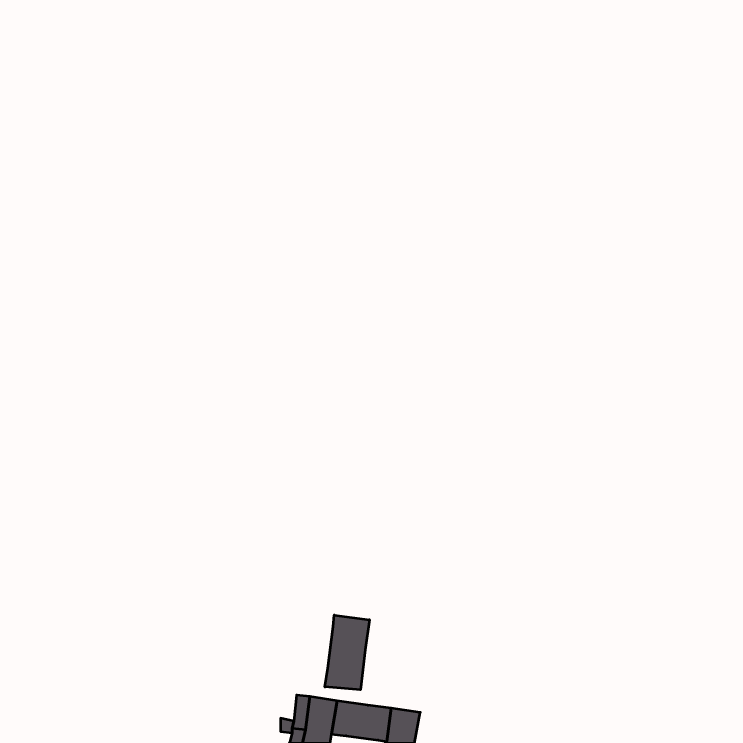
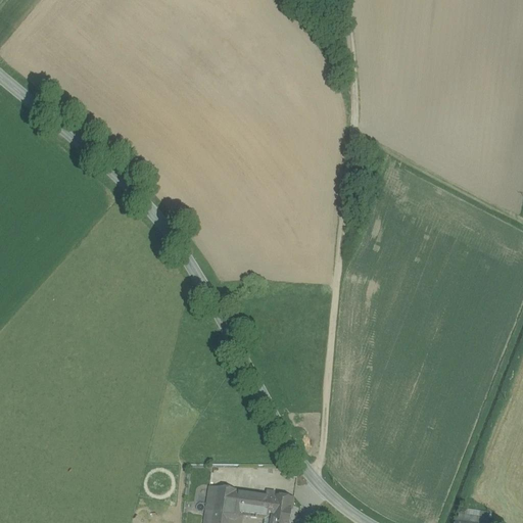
building: [325,615,369,690] -> none

